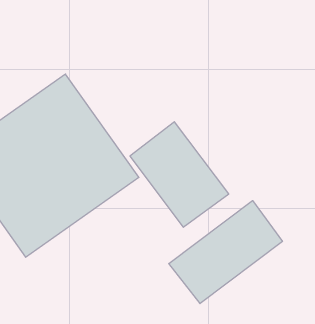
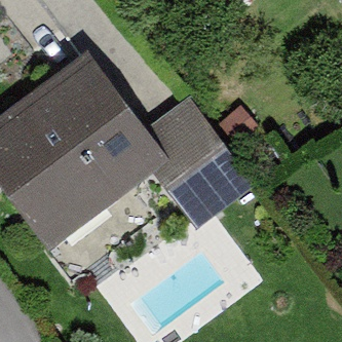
building: [169,201,282,304] -> none

